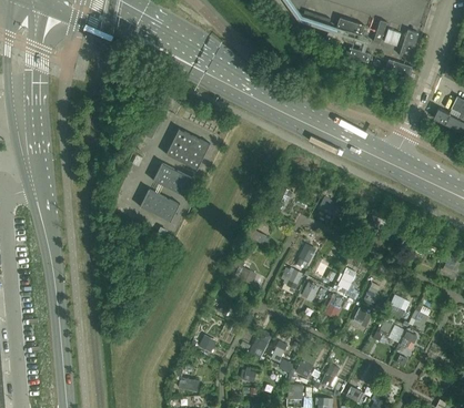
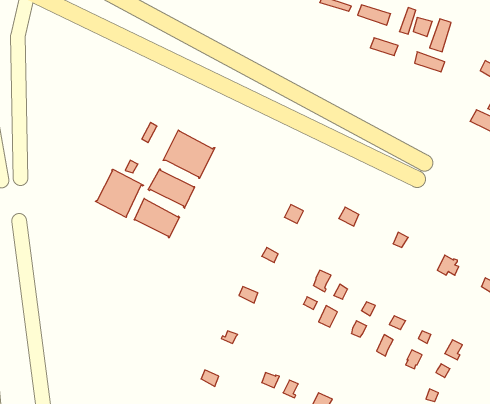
building: none -> [95,169,144,217]

